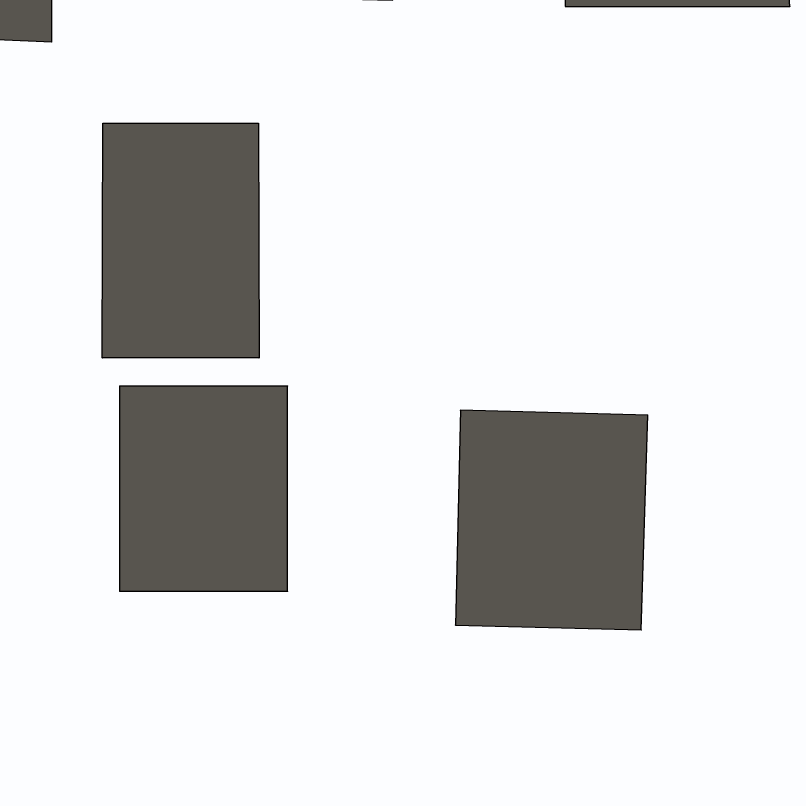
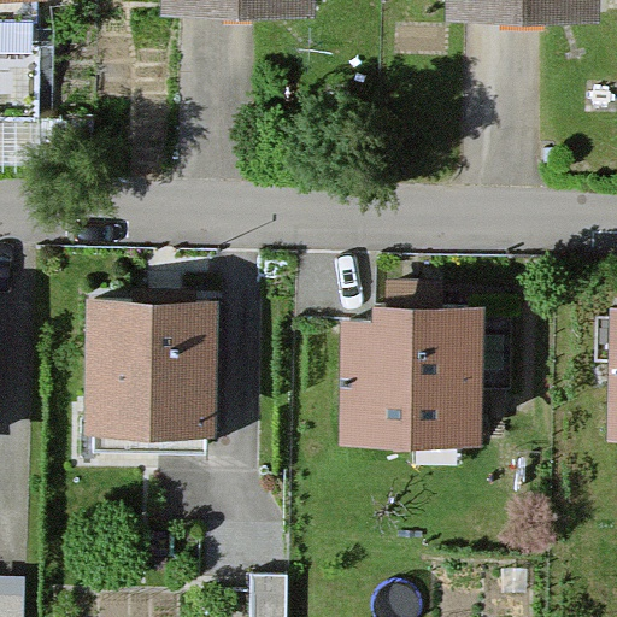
building: [102,123,259,358] -> none

